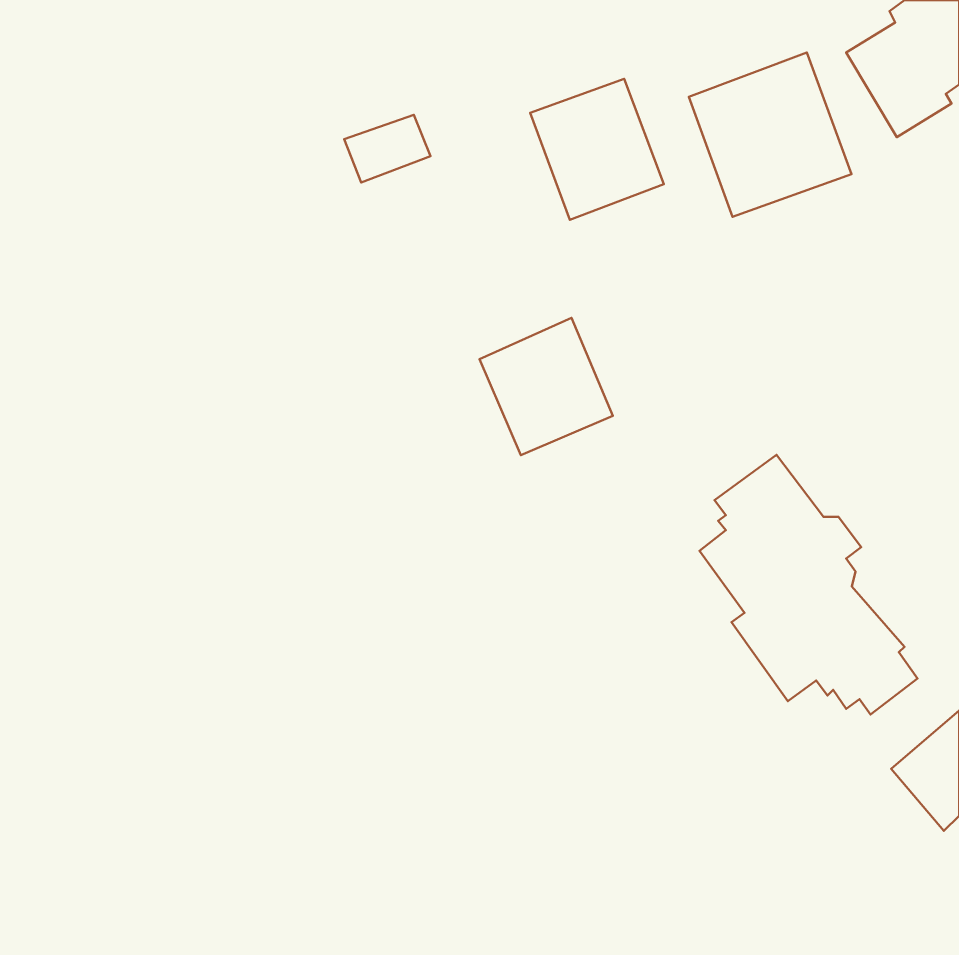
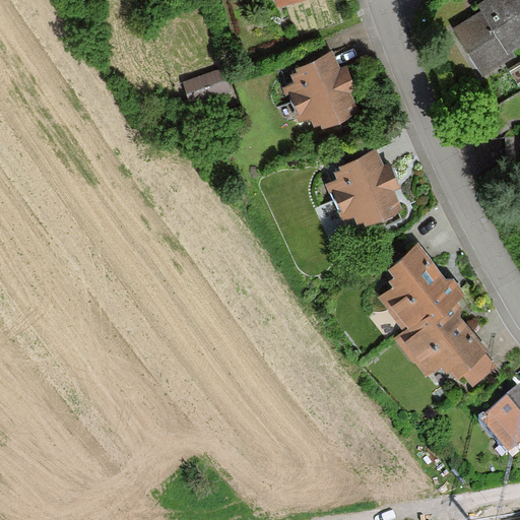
building: [689,52,852,217] -> none
building: [479,318,613,455] -> [329,144,401,218]

